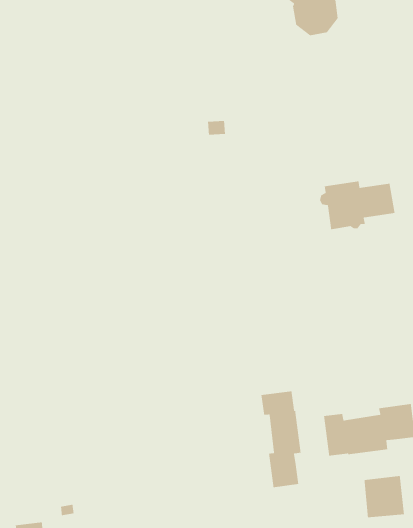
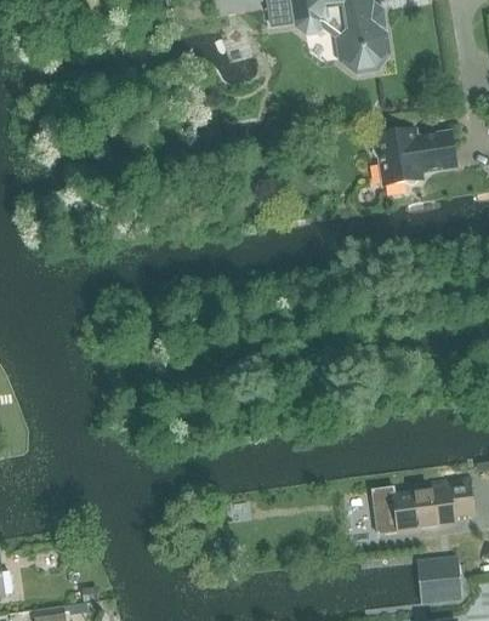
building: [319,180,396,230] -> [371,130,455,184]
building: [260,390,302,488] -> none

